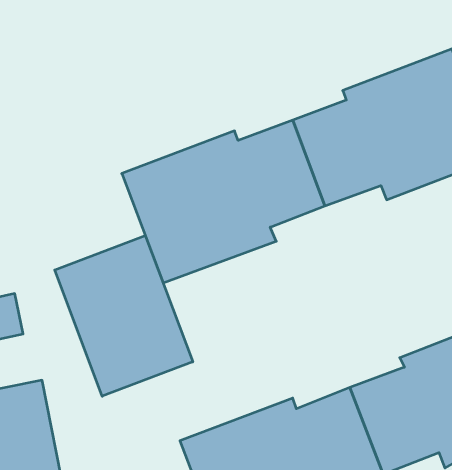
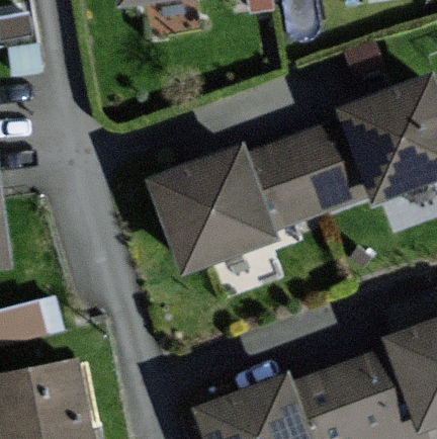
building: [55,236,193,396] -> none

